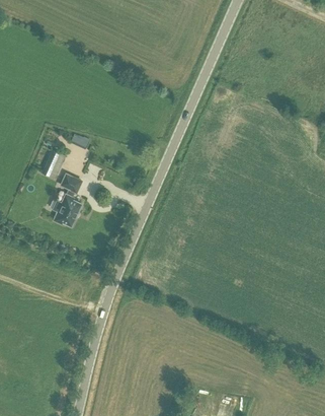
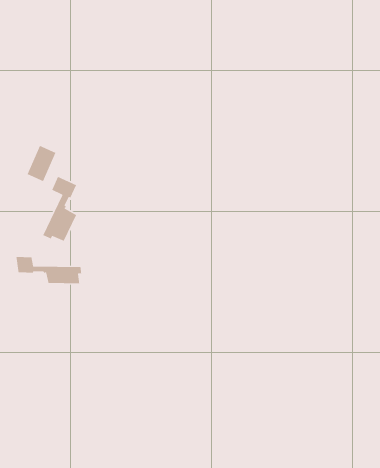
building: none -> [16,256,82,284]

